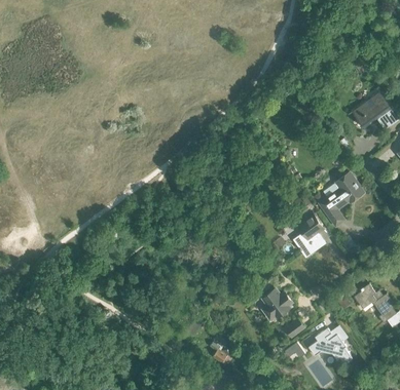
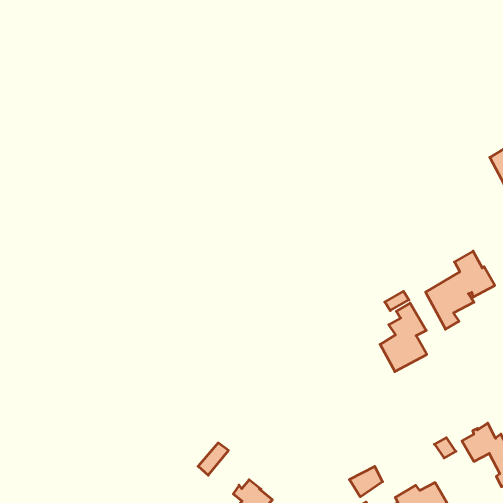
building: [260,287,294,321] -> none

